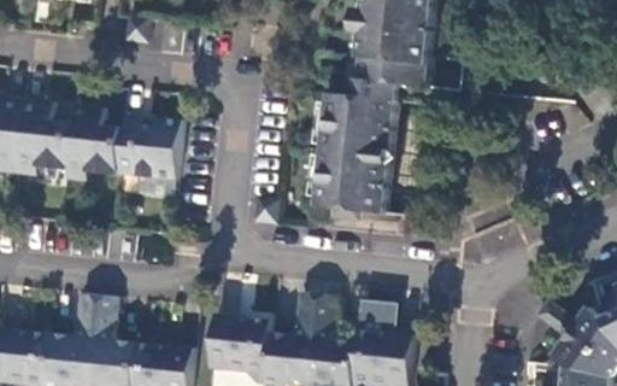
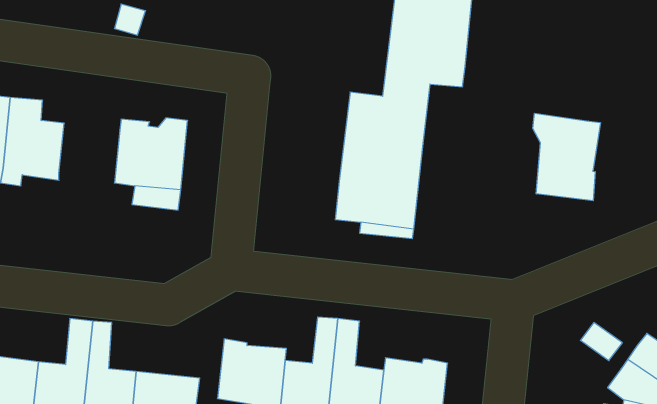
building: [67,104,123,181] -> none
building: none -> [533,113,600,201]
building: [359,300,399,335] -> none

